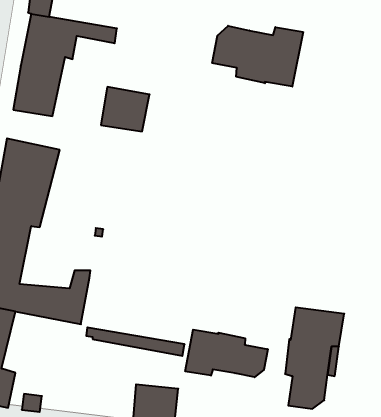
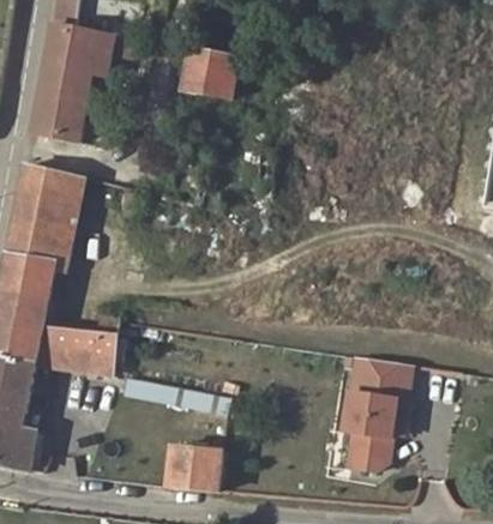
building: [212,26,303,87] -> none
building: [101,87,150,131] -> [185,49,240,100]
building: [185,330,268,377] -> none

